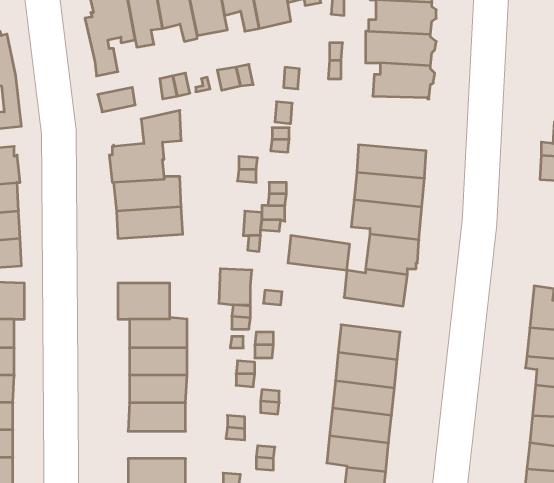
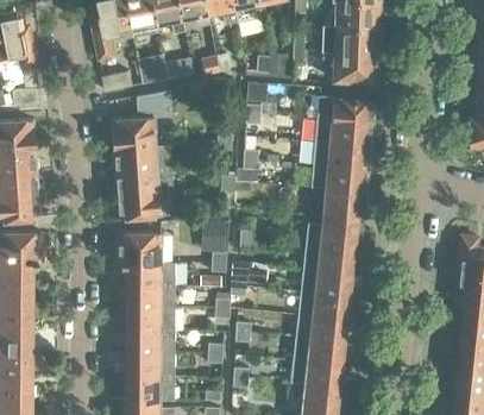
building: none -> [316,96,375,125]
building: none -> [118,194,174,220]
building: [288,236,350,270] -> [302,246,353,275]
building: none -> [126,357,174,379]

